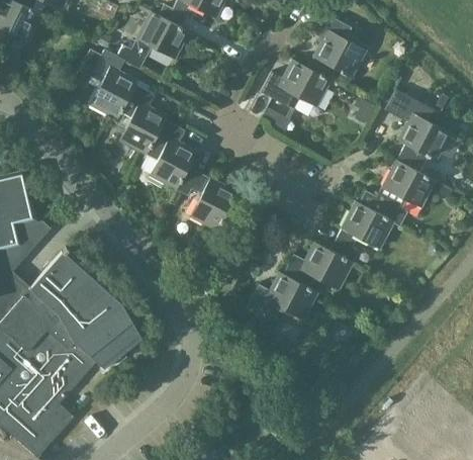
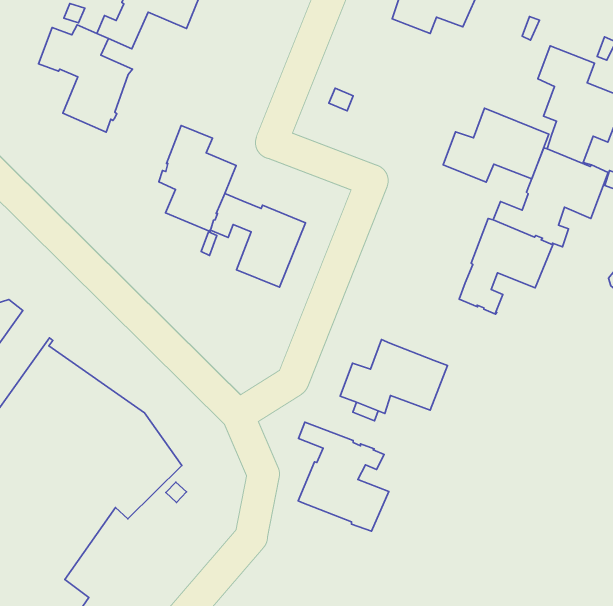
building: [260,60,329,108] -> [443,108,549,182]
building: [118,85,166,156] -> none
building: [282,244,352,291] -> none
building: none -> [298,422,389,531]

